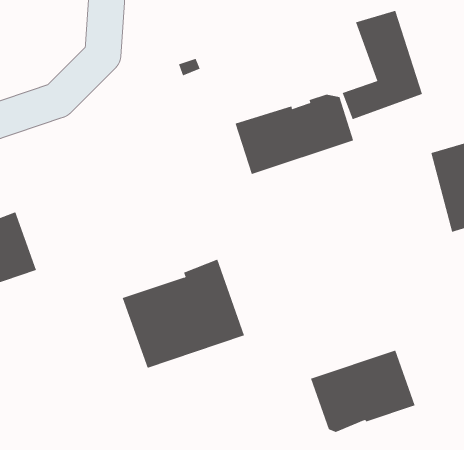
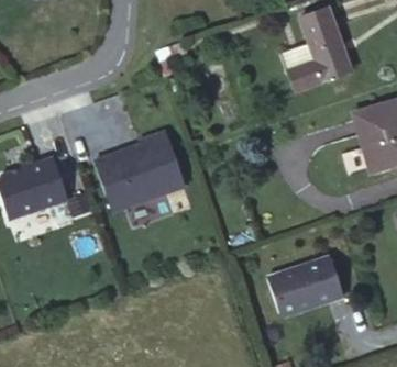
building: [235,94,354,175] -> none
building: [122,259,245,369] -> [93,131,184,211]

